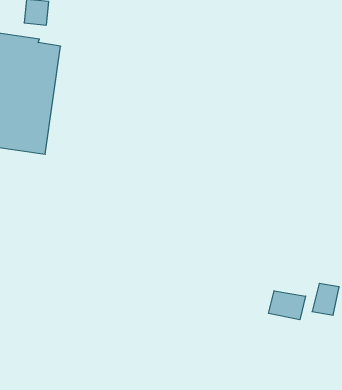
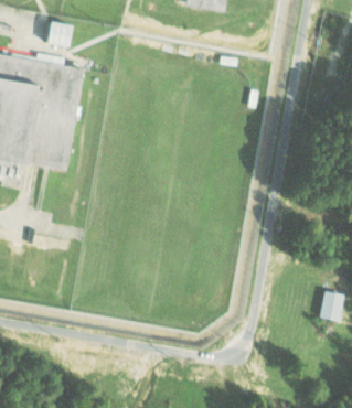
building: [269,291,306,320] -> none

